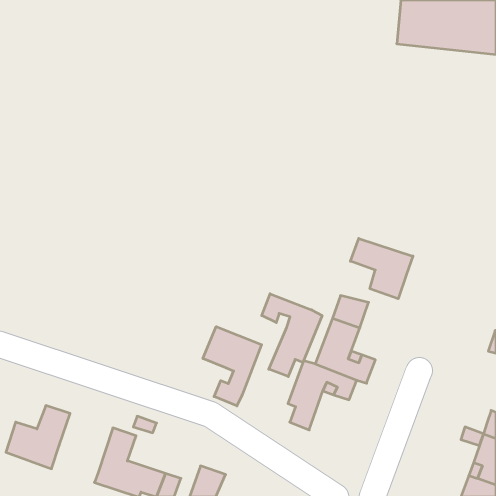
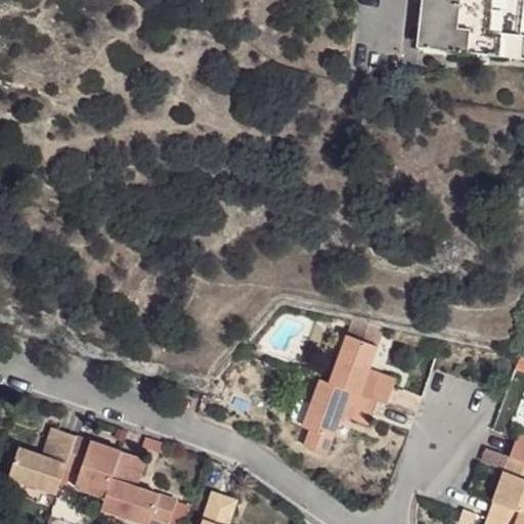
building: [350,238,413,299] -> none
building: [262,294,322,377] -> none
building: [203,327,262,406] -> none
building: none -> [62,436,119,498]

